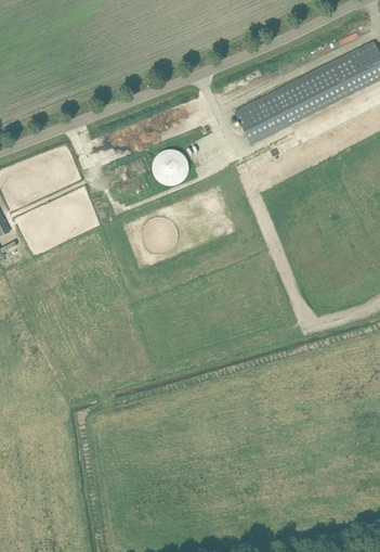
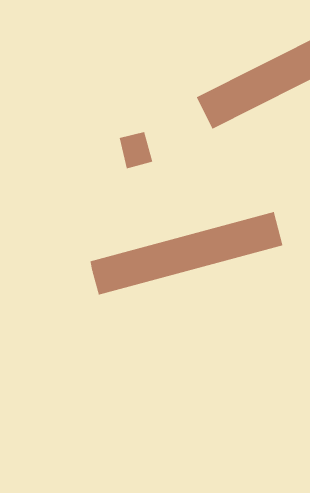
building: none -> [90,211,283,296]

